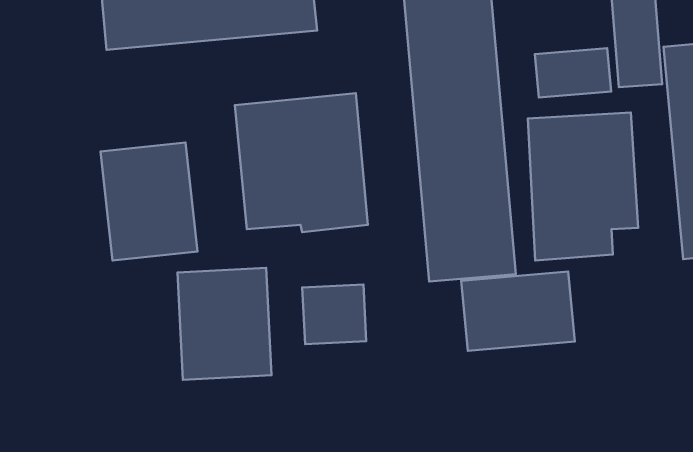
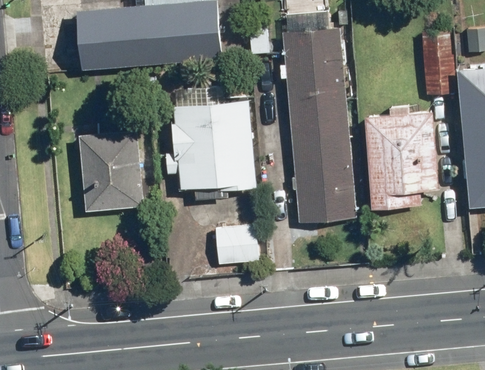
building: [535,48,611,97] -> none
building: [178,268,272,380] -> none
building: [461,271,575,351] -> none

